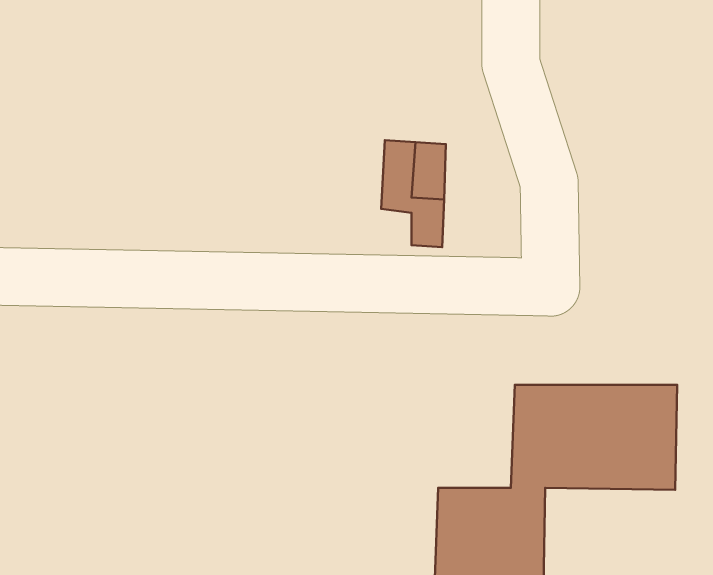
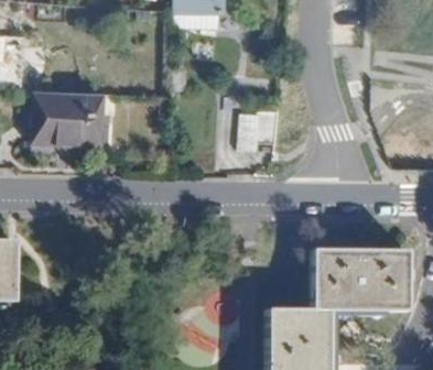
building: none -> [31,93,98,146]

